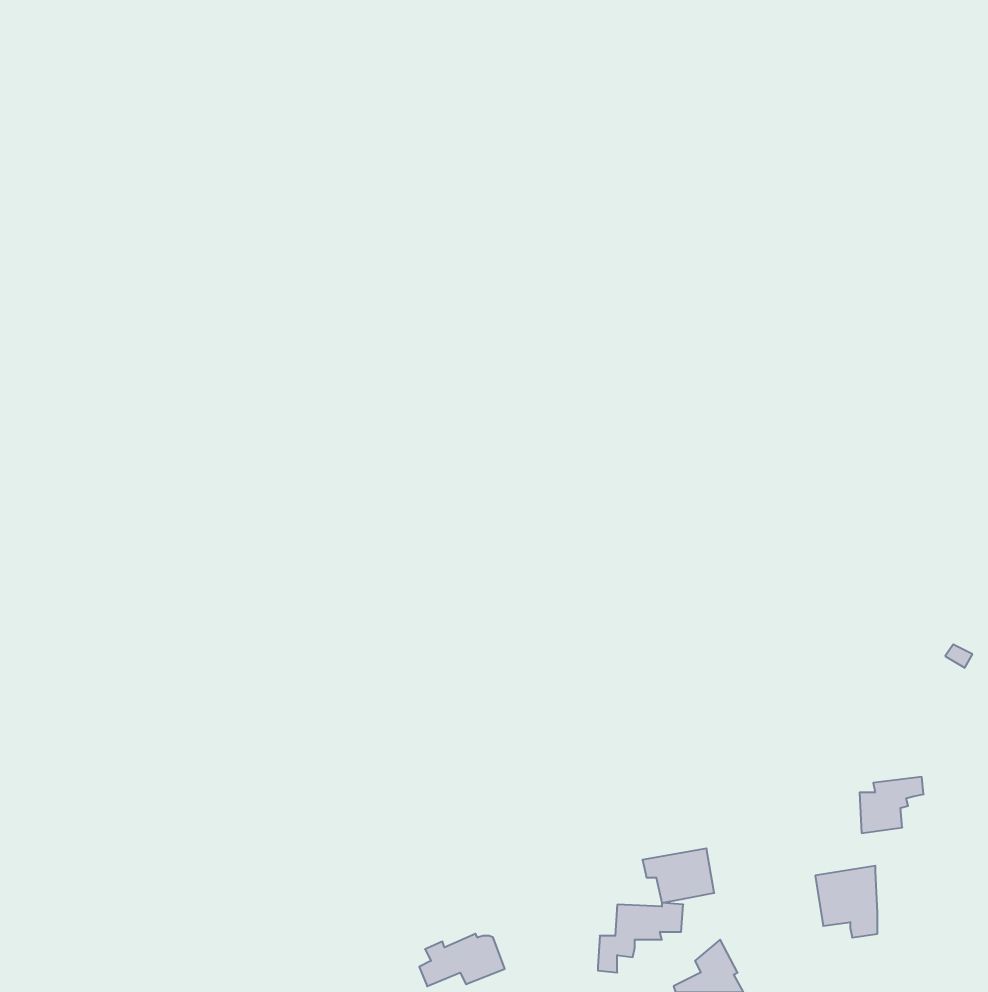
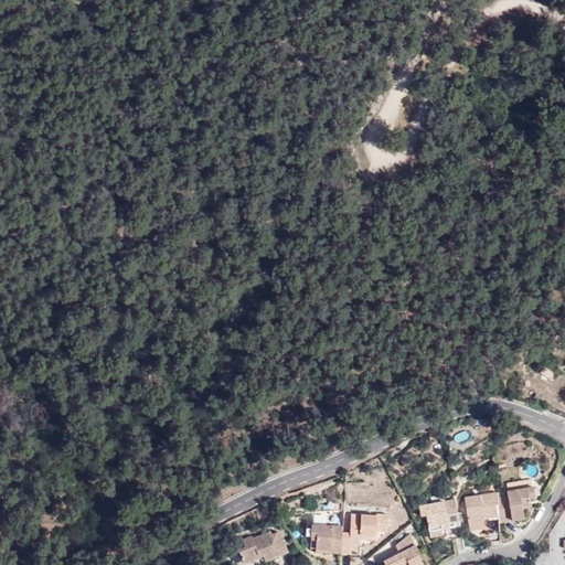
building: [860,777,924,833] -> [498,487,534,519]
building: [642,848,714,903] -> [418,500,459,531]
building: none -> [309,524,341,552]

